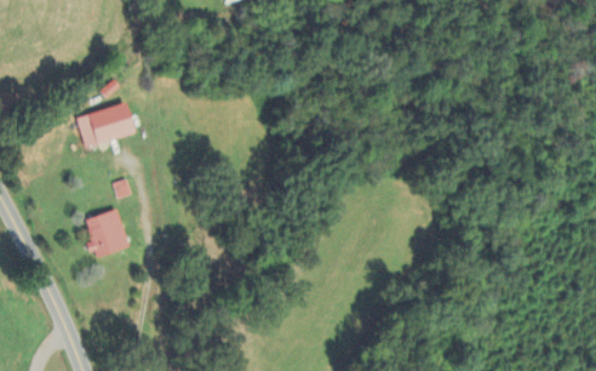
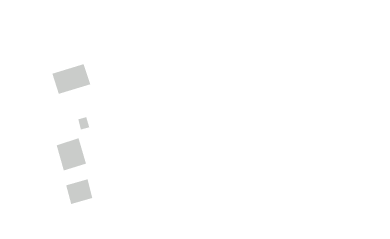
building: none -> [66,178,93,205]

